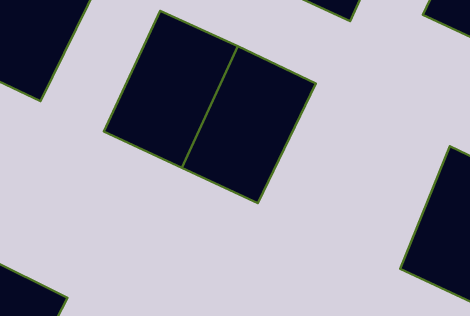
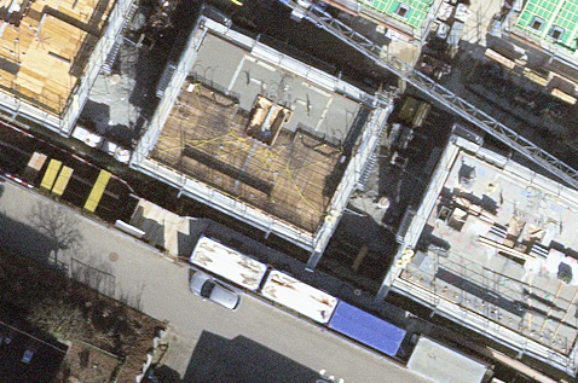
building: none -> [389,145,538,326]

